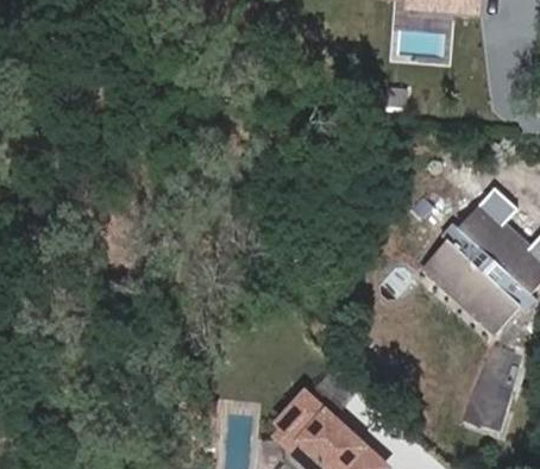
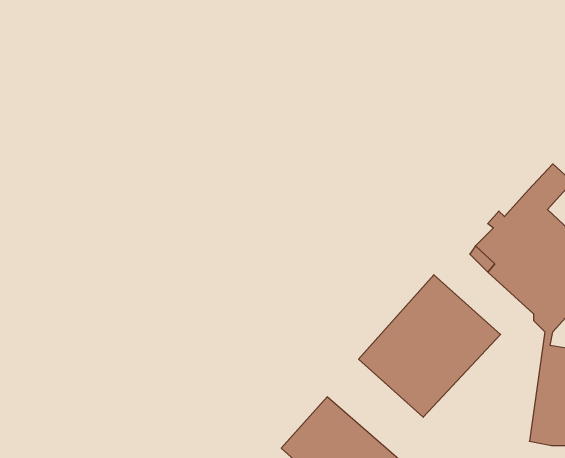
building: none -> [359,275,501,417]

